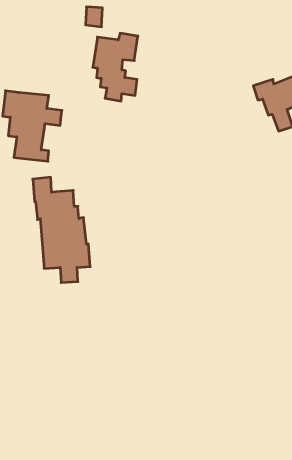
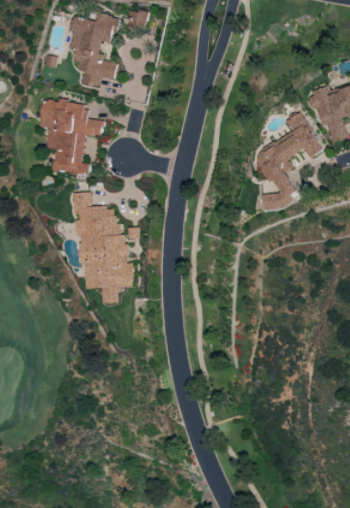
building: [93,33,138,101] -> [69,13,117,85]
building: none -> [256,112,324,212]

